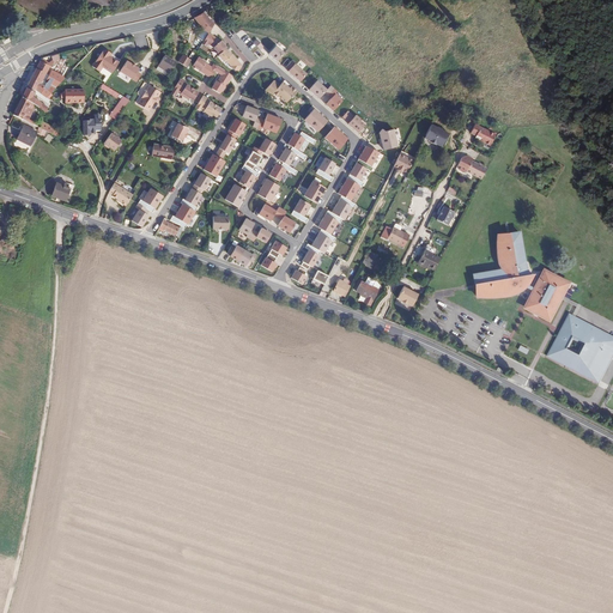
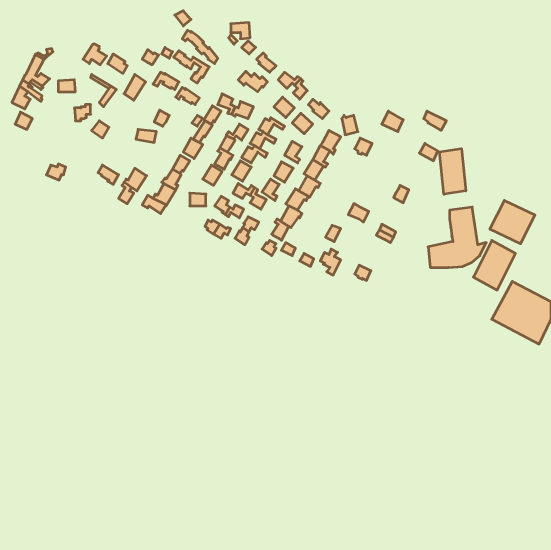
building: none -> [440,149,466,194]
building: none -> [490,200,535,244]

